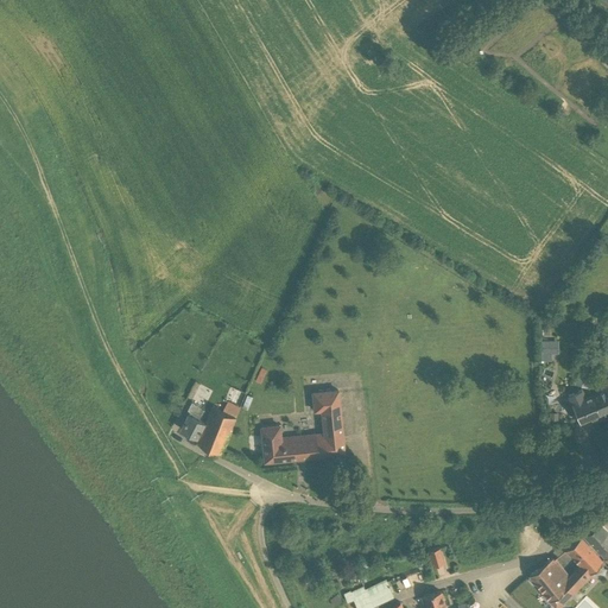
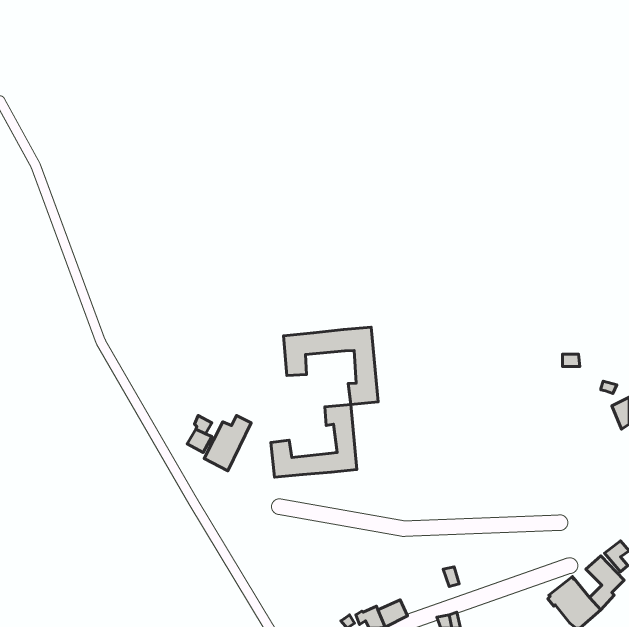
building: none -> [283,327,378,404]
building: [566,391,600,424] -> none

